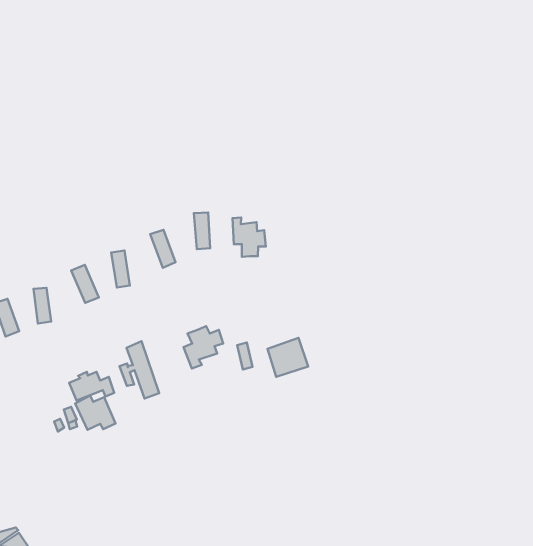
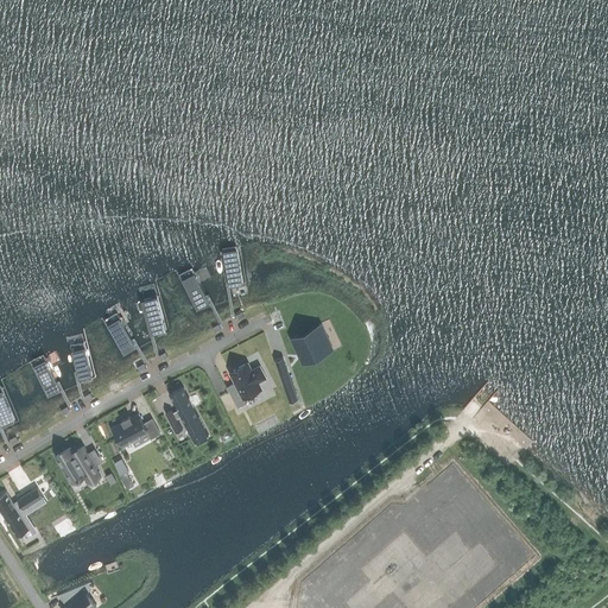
building: [233,217,266,257] -> none
building: [268,338,308,377] -> [290,324,332,366]
building: [75,396,116,430] -> [55,445,97,480]

